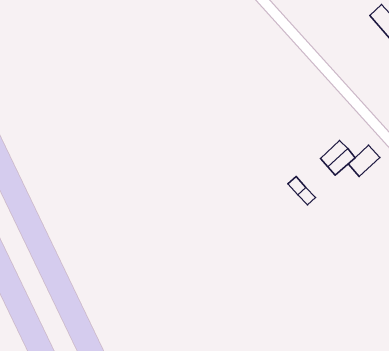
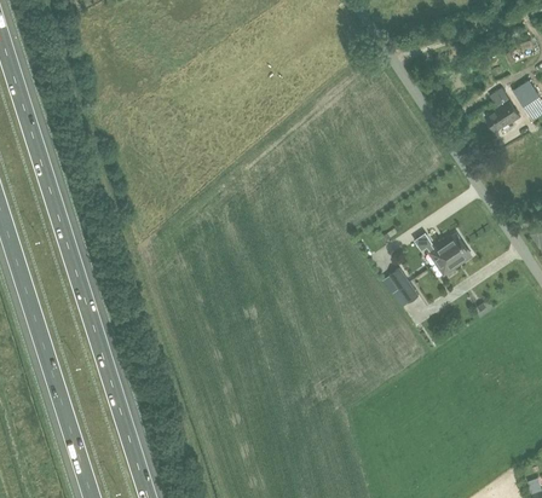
building: none -> [484,98,519,132]
building: [348,145,380,176] -> none

